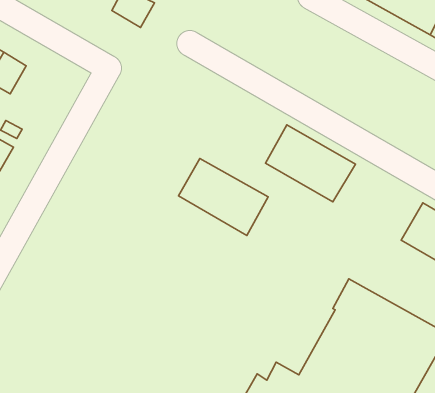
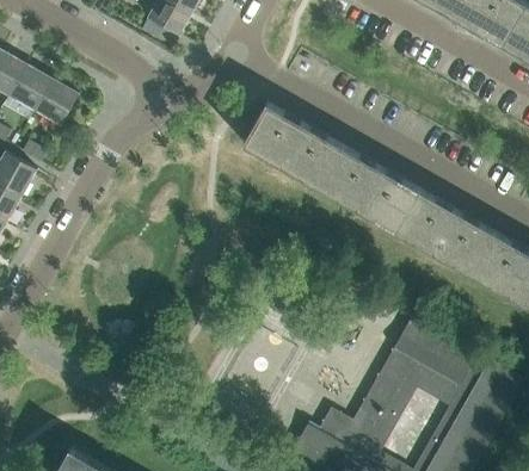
building: none -> [31,80,76,126]
building: [179,158,268,235] -> [240,103,340,188]
building: none -> [392,190,492,274]

